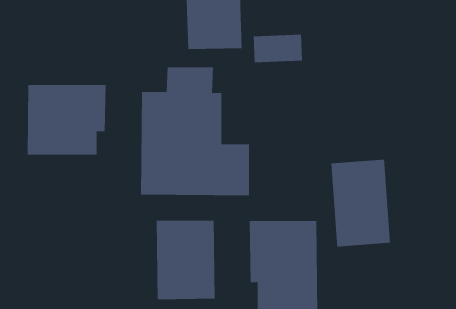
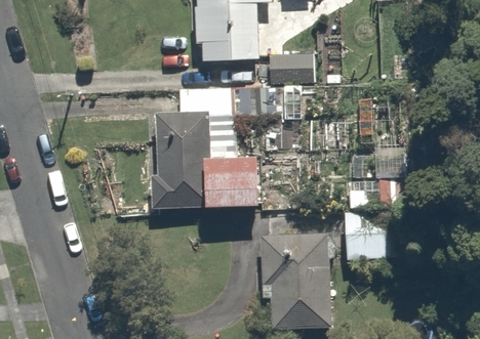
building: [27,84,106,155] -> none
building: [156,220,215,300] -> none

